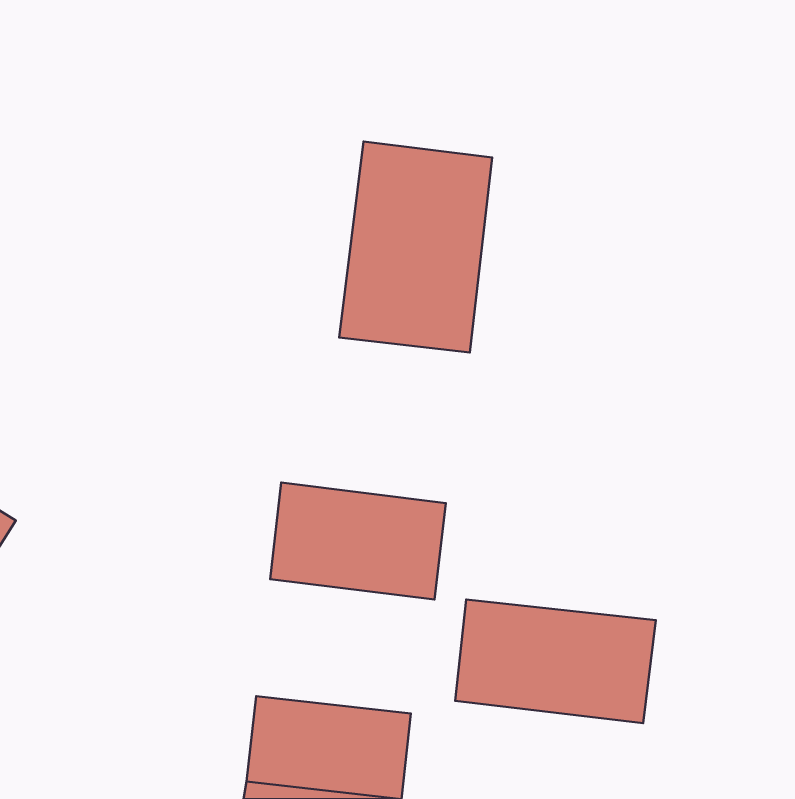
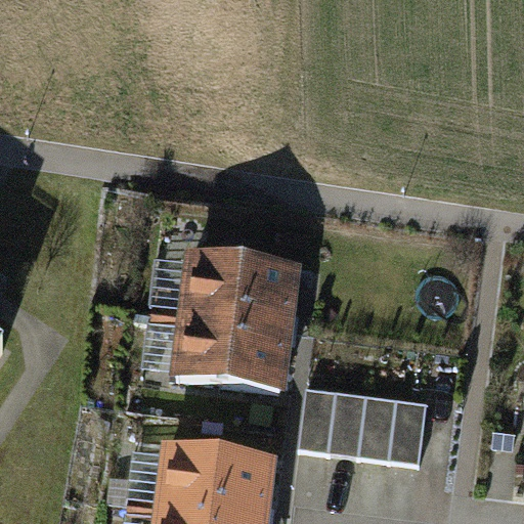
building: [339,141,492,352] -> none
building: none -> [182,252,297,325]

